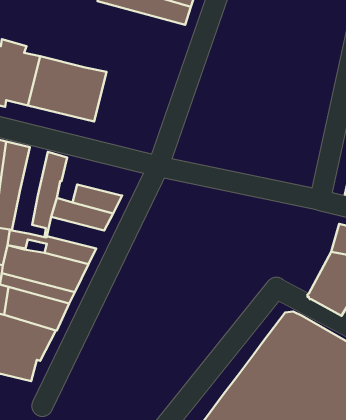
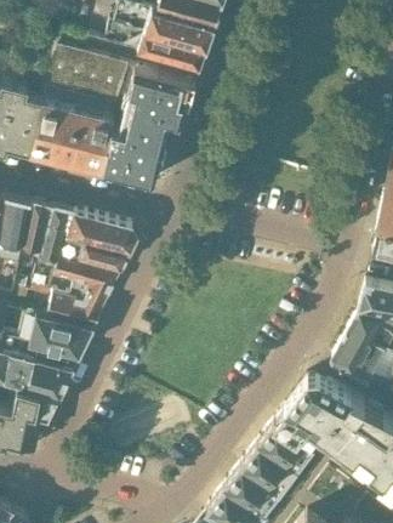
building: none -> [46,50,194,187]
building: none -> [22,201,52,254]
building: none -> [67,212,138,254]
building: none -> [51,277,113,311]

